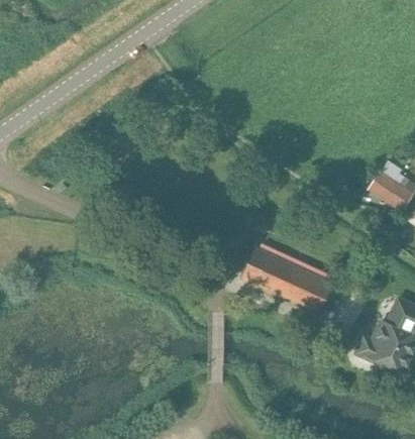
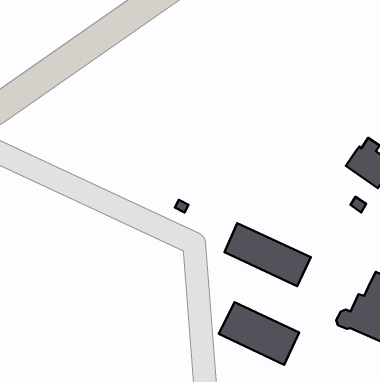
building: none -> [219,302,299,365]

